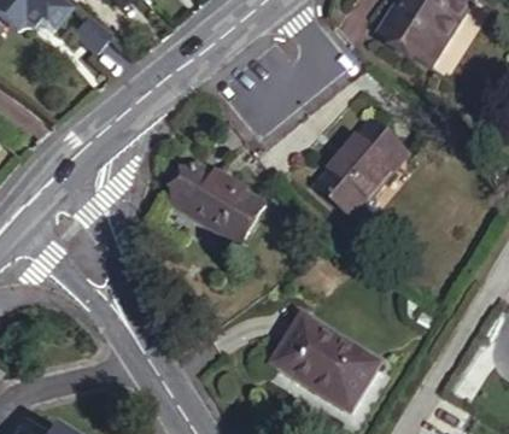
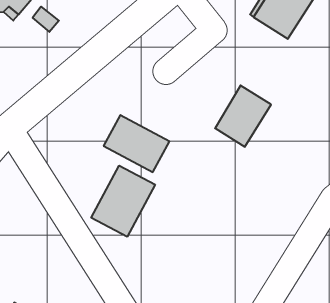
building: none -> [91,166,155,237]
building: [276,317,384,412] -> none

